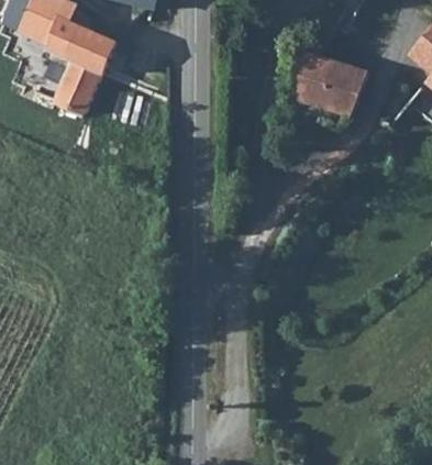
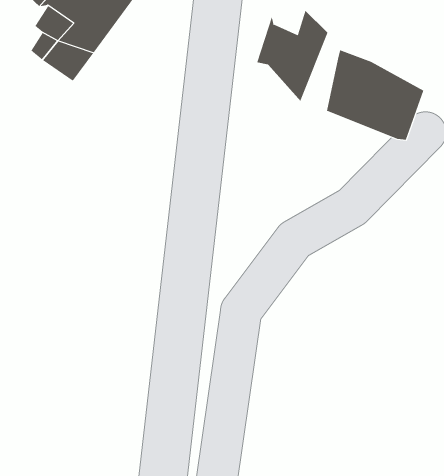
building: none -> [257,10,328,102]

